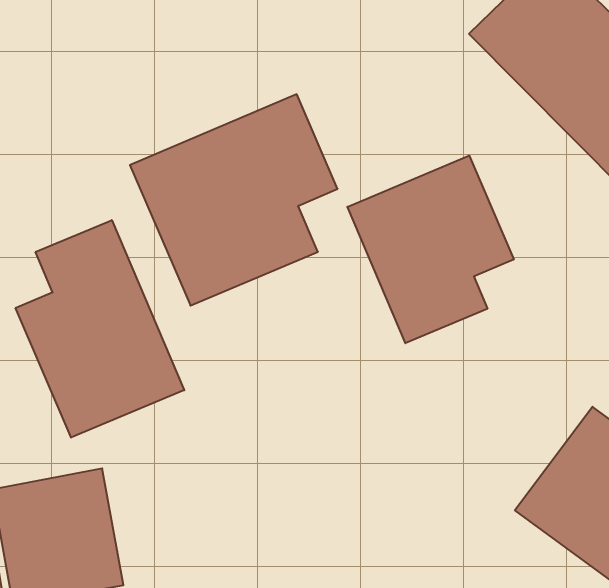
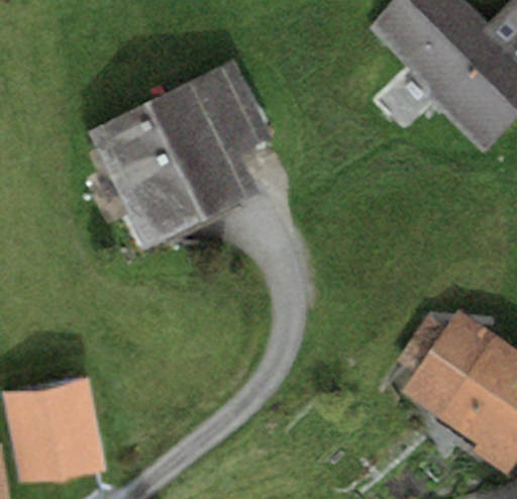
building: [347,156,514,343] -> none
building: [16,220,184,438] -> none

